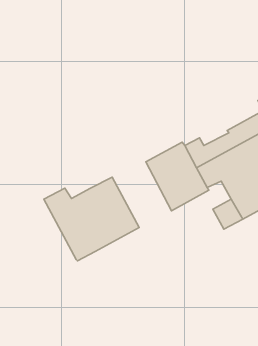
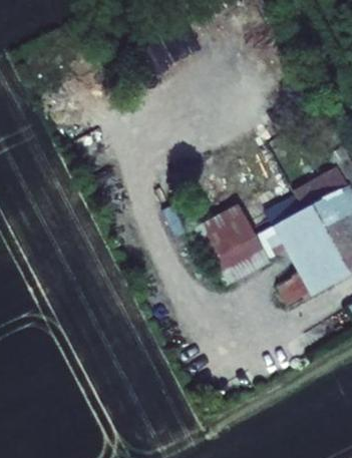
building: [44,177,139,261] -> none

